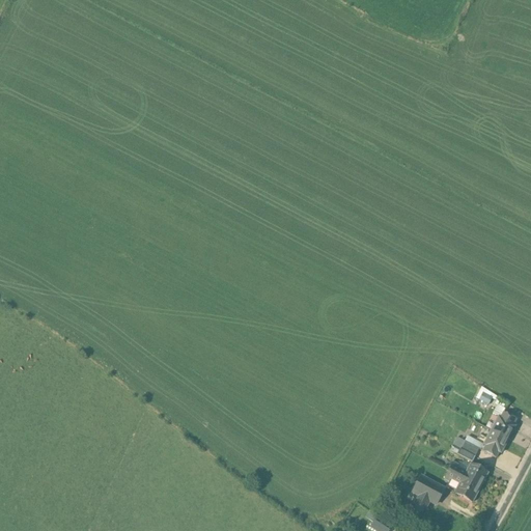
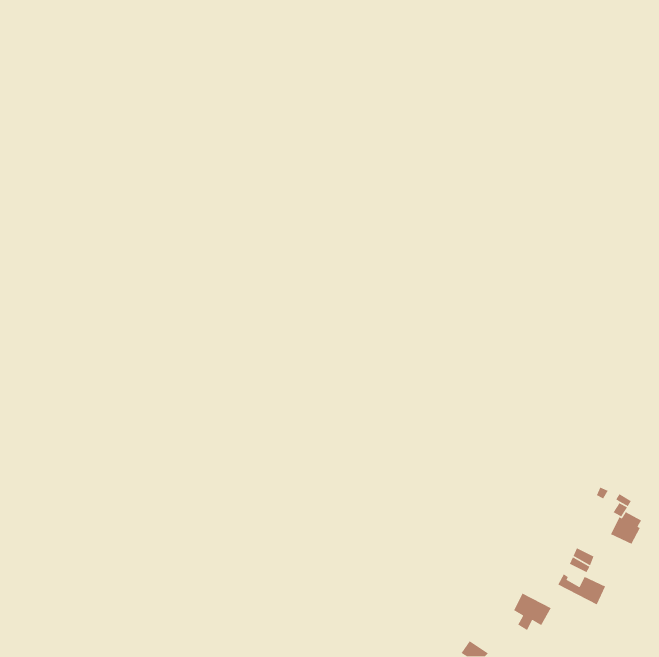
building: [482,429,508,456] -> none
building: [444,470,480,501] -> none

